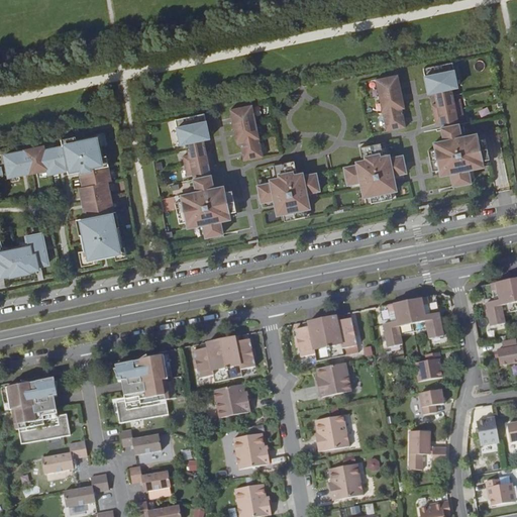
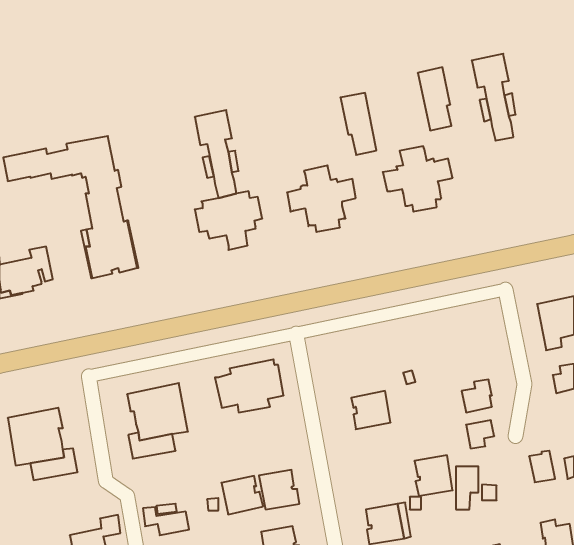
building: [229,103,262,159] -> [340,93,376,155]
building: [428,132,489,185] -> none
building: [379,295,442,347] -> none
building: [294,316,357,361] -> none
building: [213,384,250,418] -> [221,476,263,514]
building: [314,415,348,451] -> [414,455,453,496]
building: [119,429,161,454] -> none
building: [40,441,87,474] -> none

